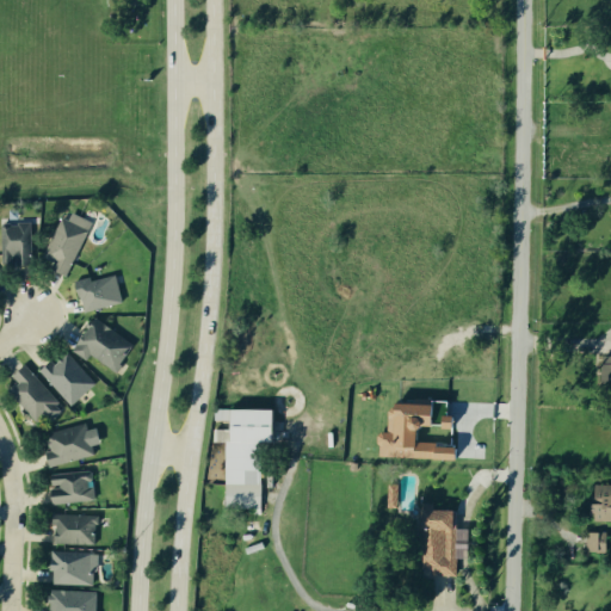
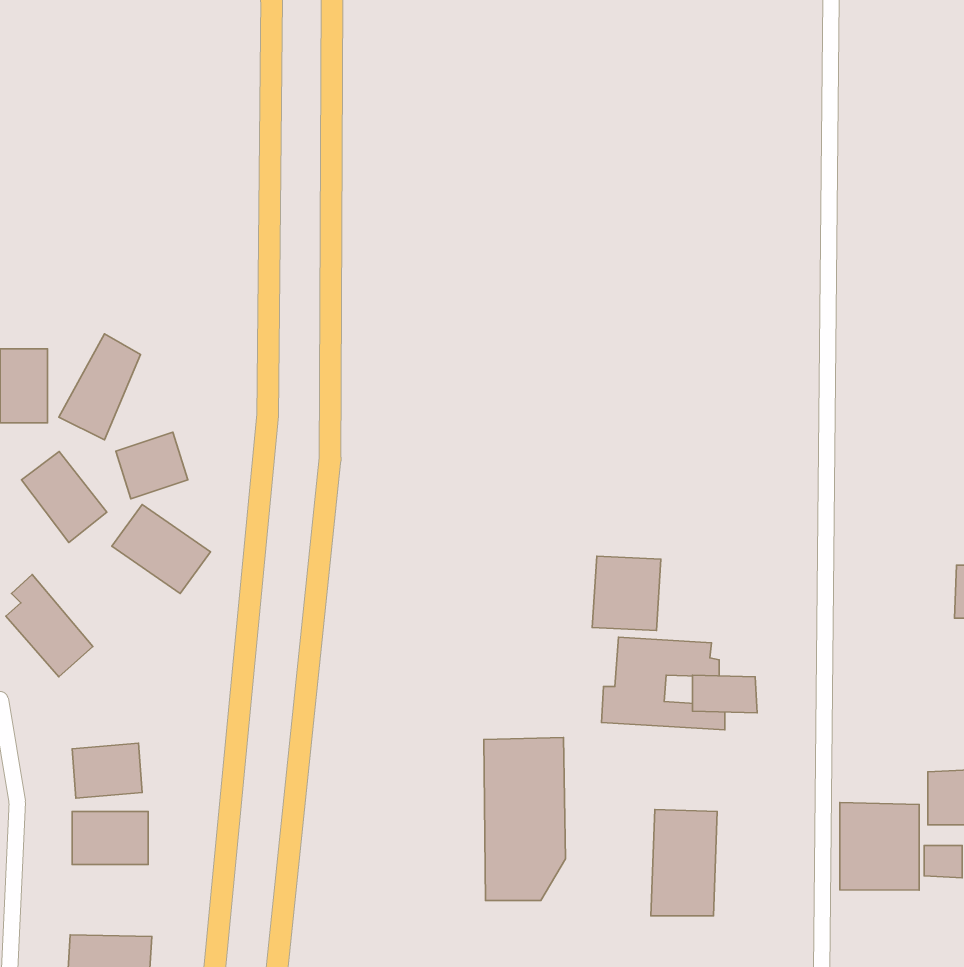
building: [43,348,97,406] -> [21,452,107,543]
building: none -> [592,556,661,631]
building: [220,409,271,512] -> [484,738,565,901]
building: [45,419,100,468] -> none
building: none -> [840,803,919,890]
building: [48,550,97,585] -> none

